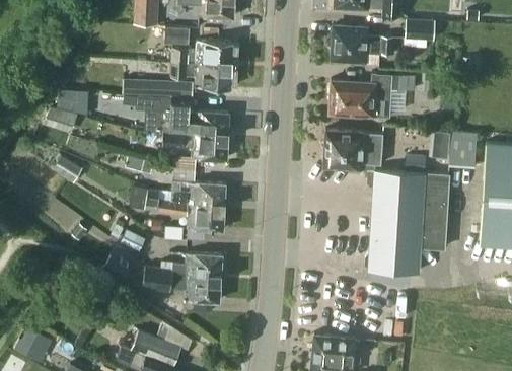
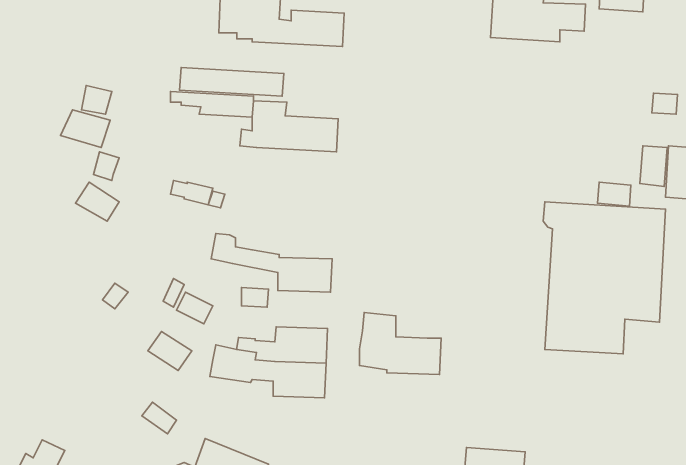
building: [170,62,232,89] -> none
building: [331,74,415,117] -> none
building: [324,130,383,168] -> none
building: [163,132,228,159] -> none
building: [171,166,226,208] -> [360,313,441,374]

